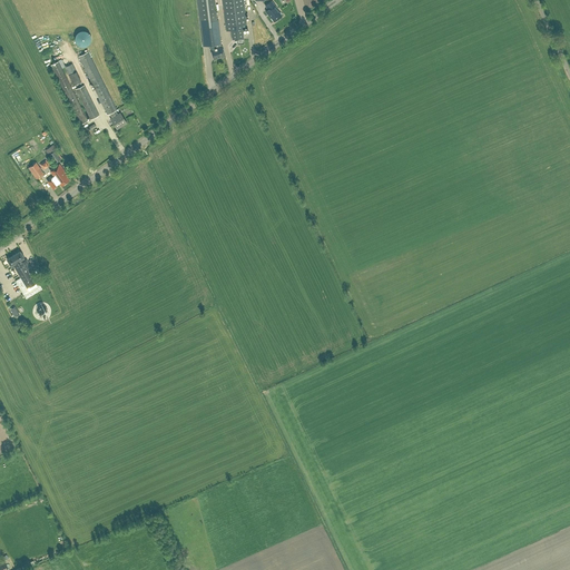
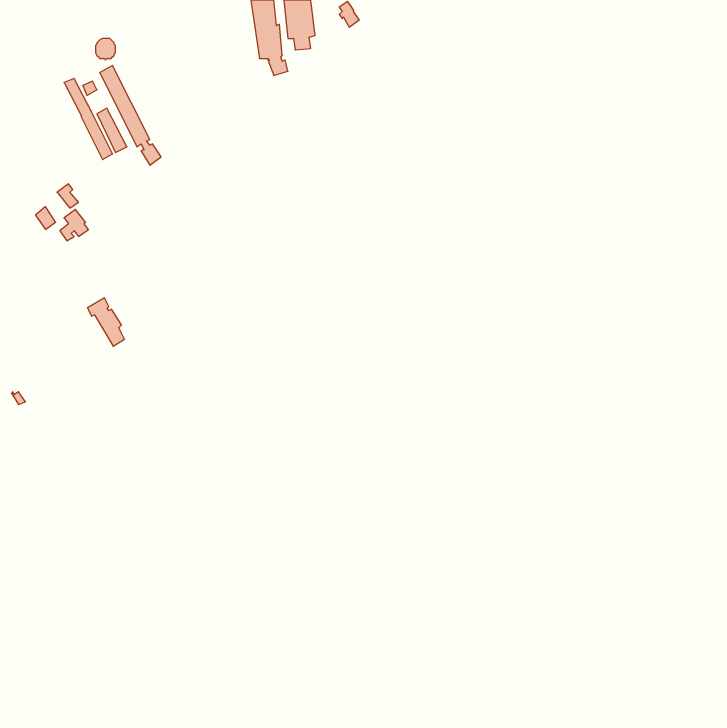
building: [8,250,37,288] -> [87,298,124,346]

